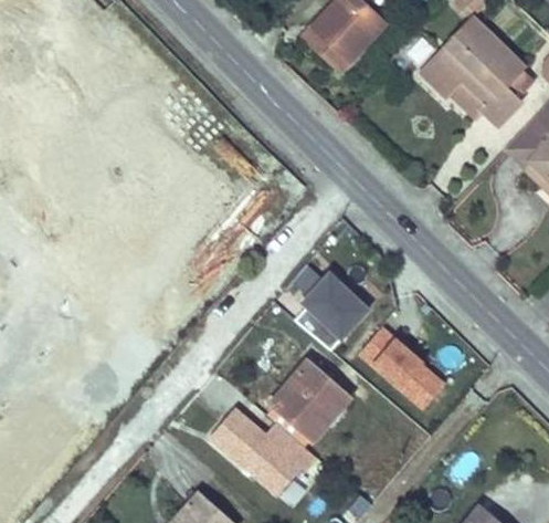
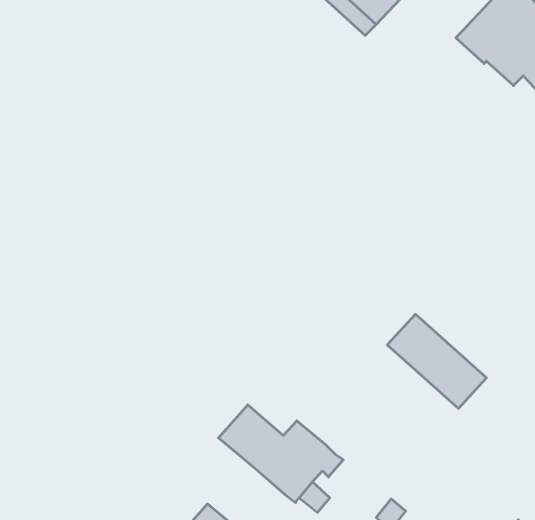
building: [297,265,370,347] -> none
building: [268,354,353,441] -> none

